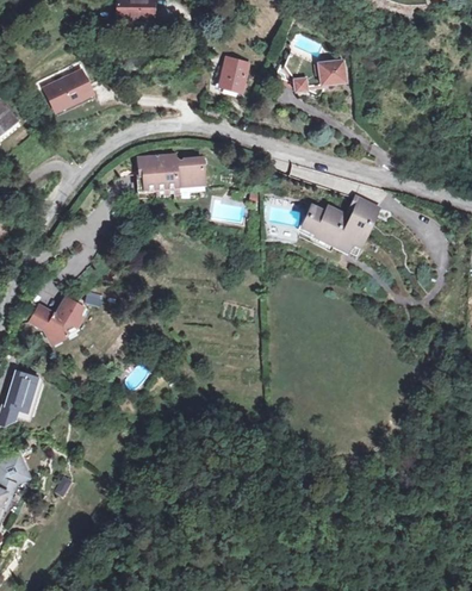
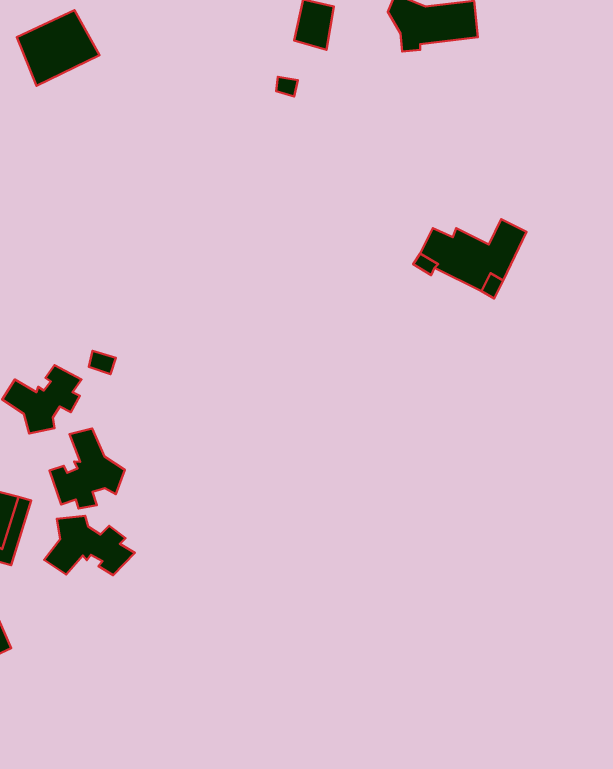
building: [141,155,204,194] -> none
building: none -> [49,428,125,509]
building: none -> [44,516,135,575]

